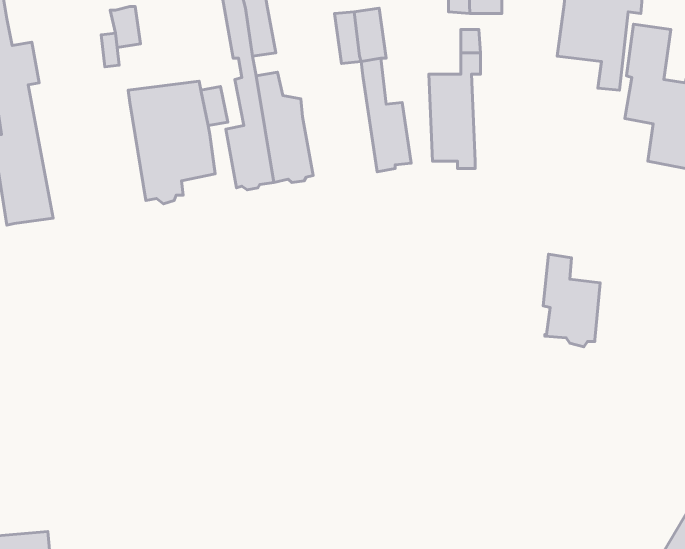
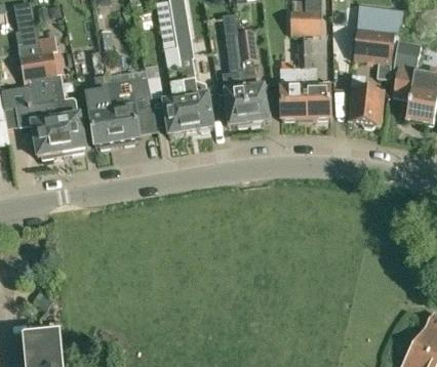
building: none -> [49,49,85,152]
building: none -> [305,68,330,119]
building: none -> [221,70,250,126]
building: none -> [90,71,117,147]
building: [543,254,600,347] -> [349,74,382,127]

